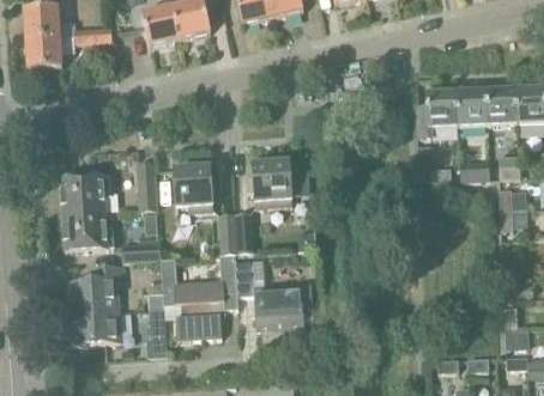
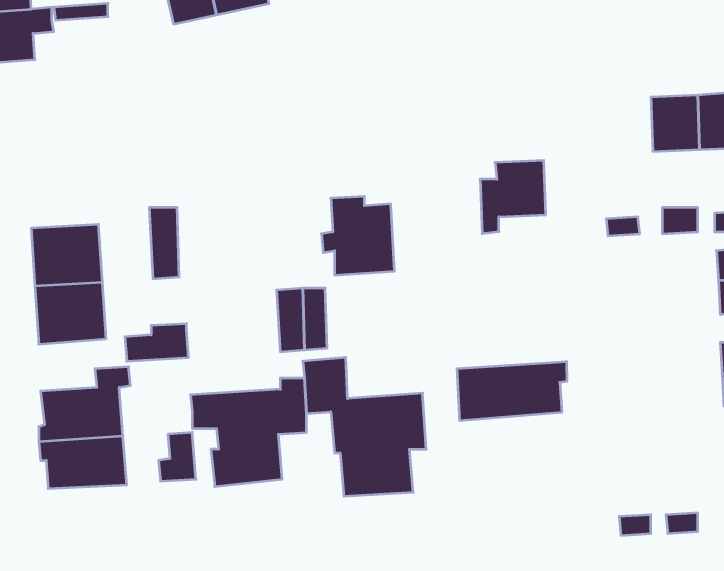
building: [416,91,458,138] -> [480,160,546,234]
building: [173,159,212,208] -> none
building: none -> [457,361,567,421]

